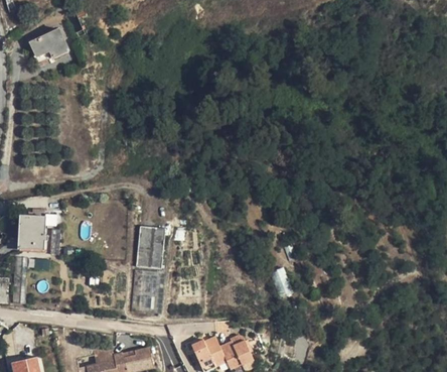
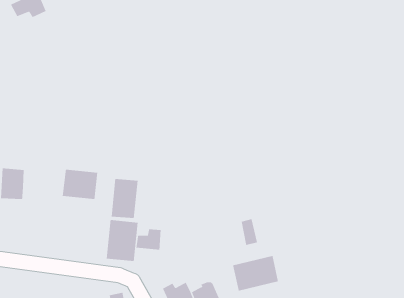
building: none -> [62,169,98,200]
building: none -> [136,229,161,251]
building: none -> [233,255,279,291]

